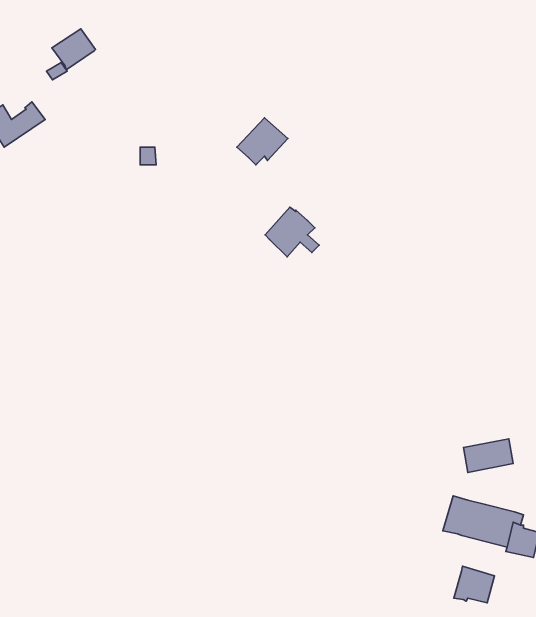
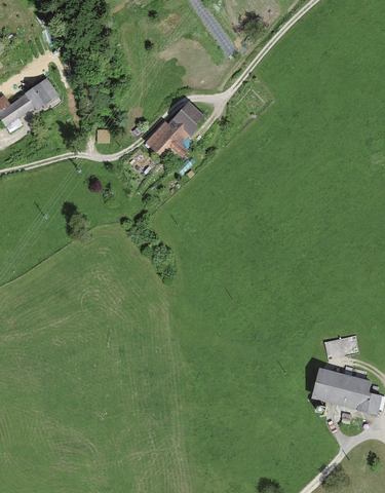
building: [52,29,96,70] -> [25,80,55,109]
building: [265,207,319,257] -> [147,123,185,158]
building: [454,566,495,603] -> none

